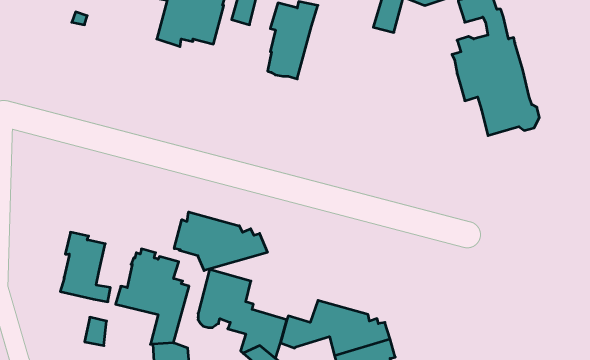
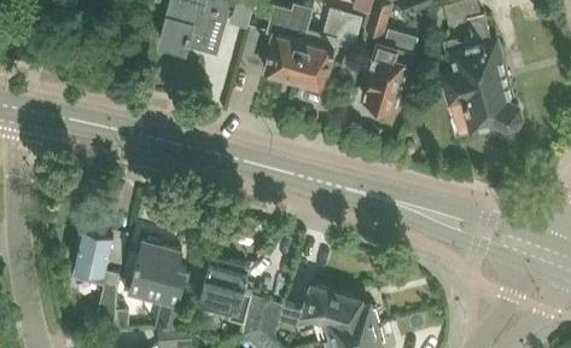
building: none -> [292,11,360,87]
building: none -> [362,42,413,110]
building: [174,212,267,271] -> none

